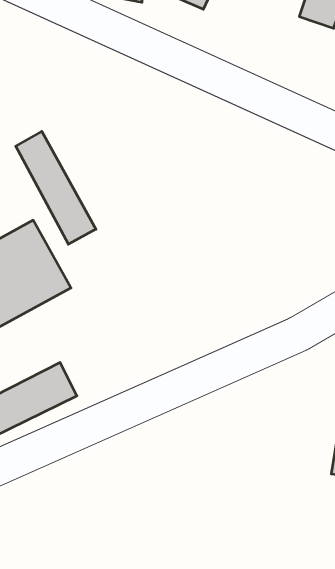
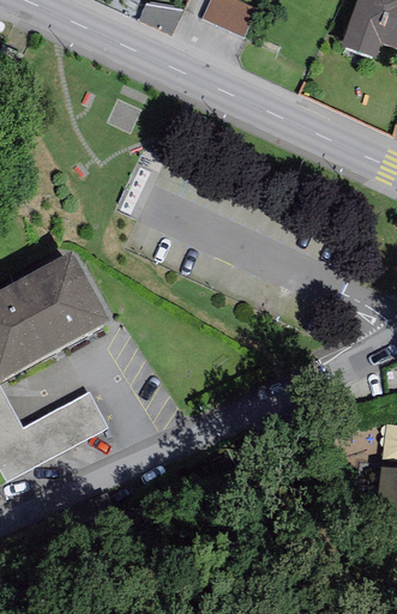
building: [16,131,96,244] -> none

